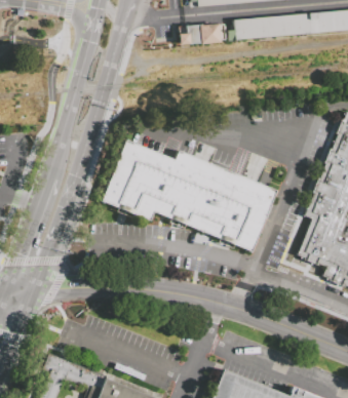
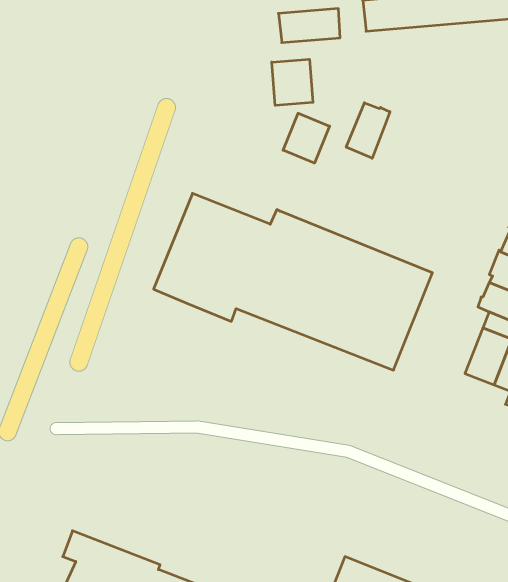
building: none -> [272,59,313,105]
building: none -> [346,103,390,158]
building: none -> [283,113,330,163]

